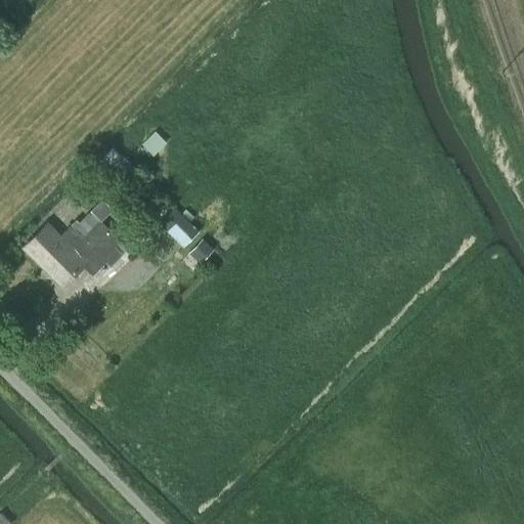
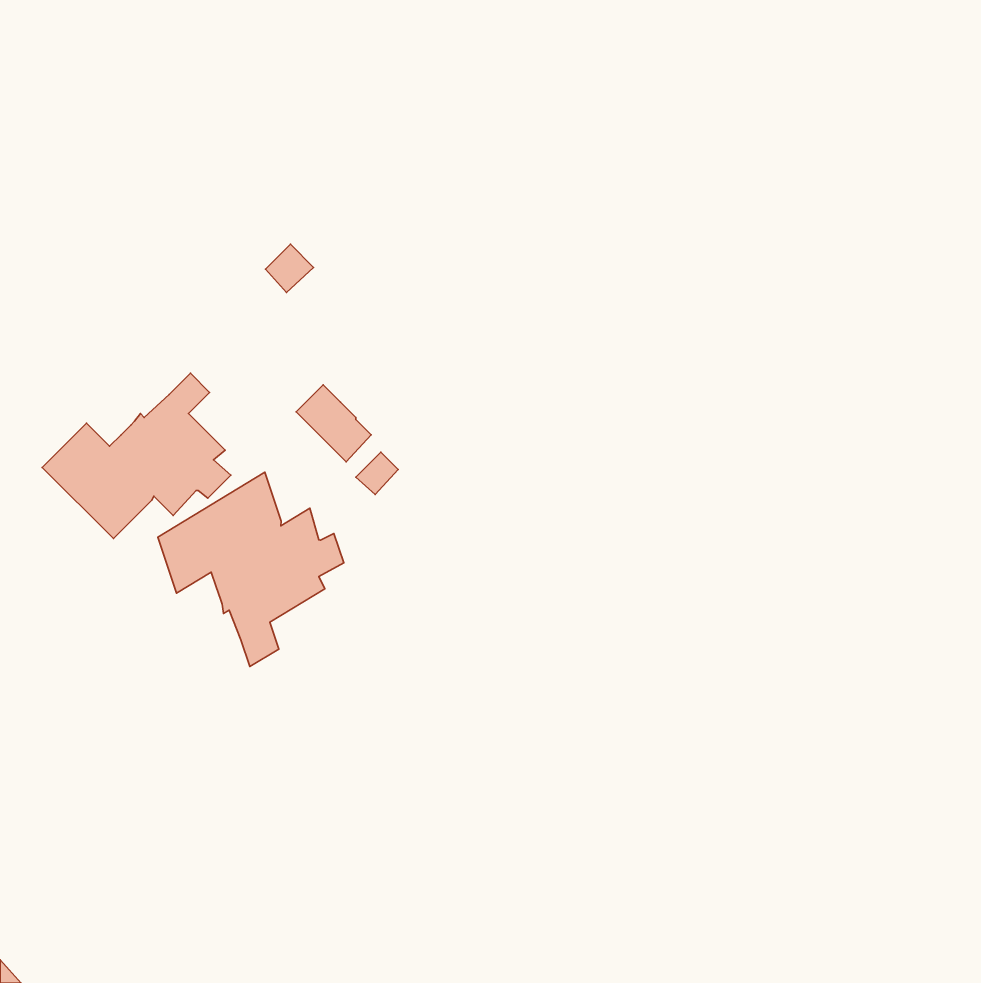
building: none -> [158,472,344,667]

